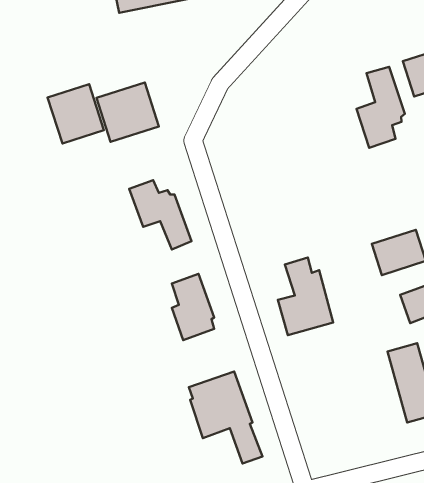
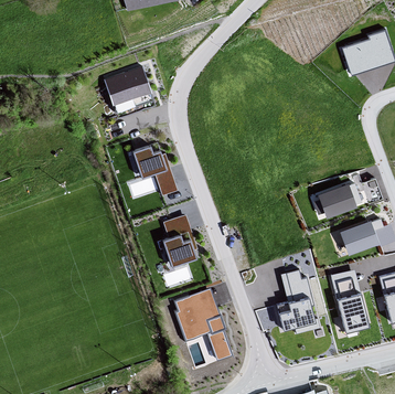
building: [357,67,405,148] -> none
building: [48,84,104,143] -> none
building: [278,257,333,335] -> [274,267,317,328]

